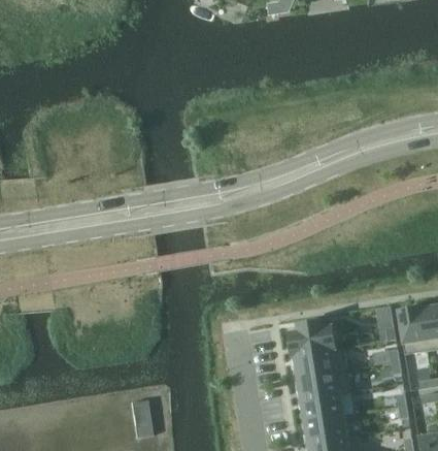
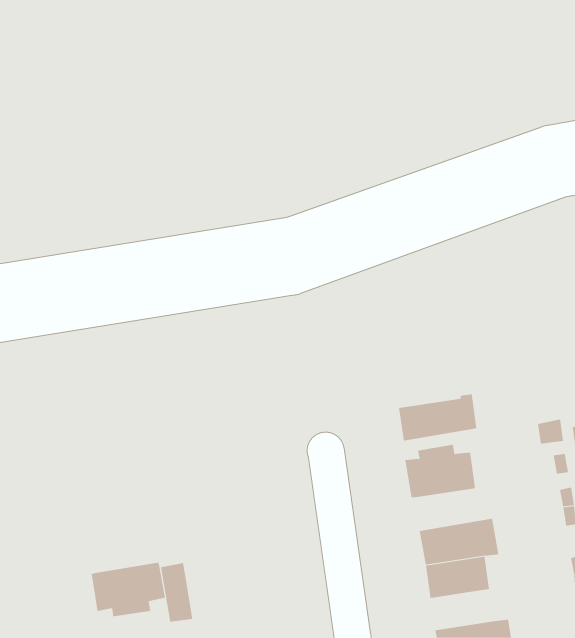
building: [294,348,345,379] -> [398,394,477,441]
building: none -> [91,562,165,617]
building: [304,417,346,444] -> none

